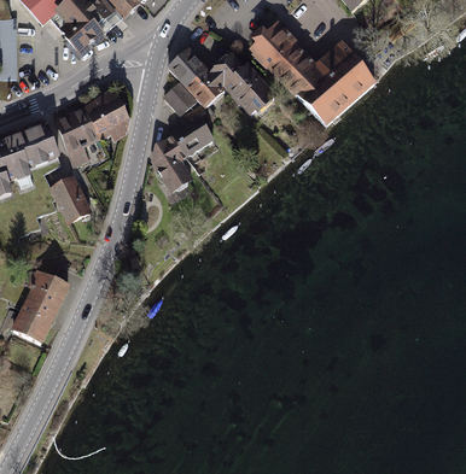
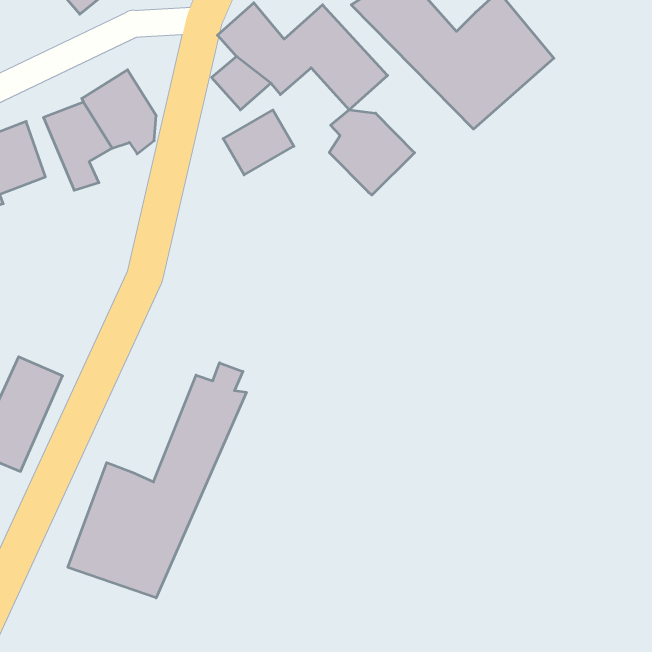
building: none -> [329,110,415,195]
building: [152,134,193,187] -> none
building: [49,176,92,224] -> none
building: none -> [68,363,246,598]

